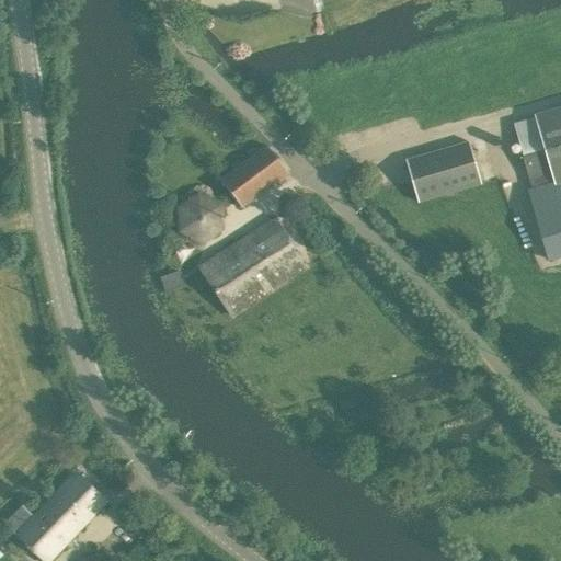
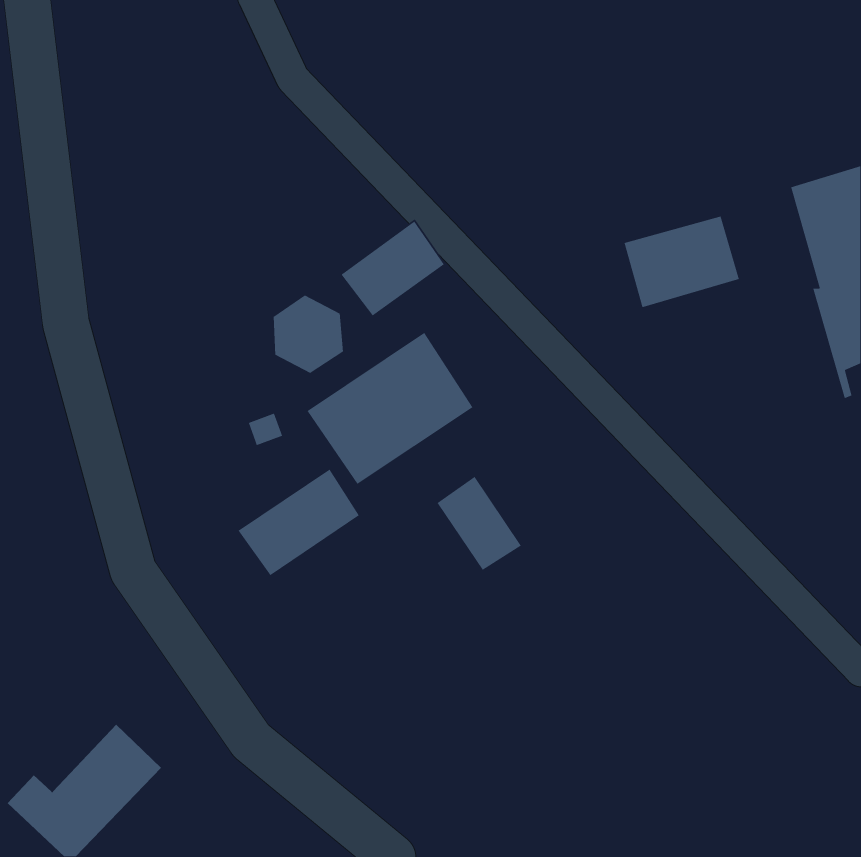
building: none -> [238,469,360,576]
building: none -> [436,476,522,571]

